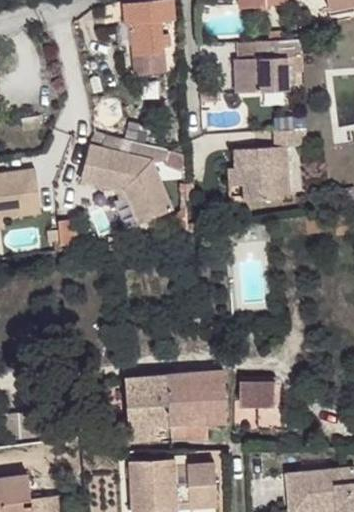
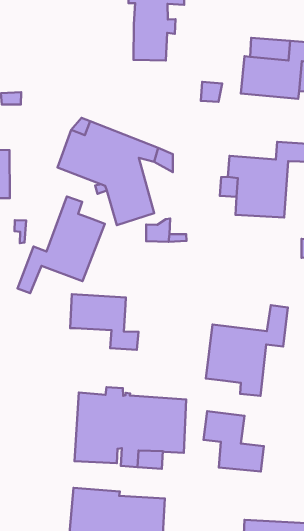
building: none -> [17,196,105,293]
building: none -> [206,305,288,396]
building: none -> [70,294,138,350]

